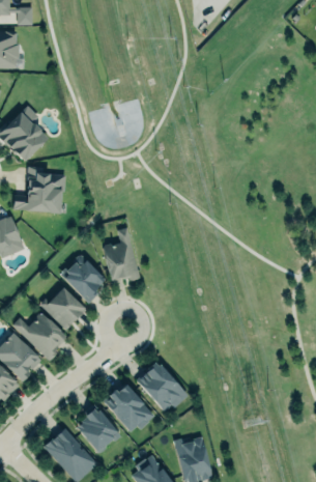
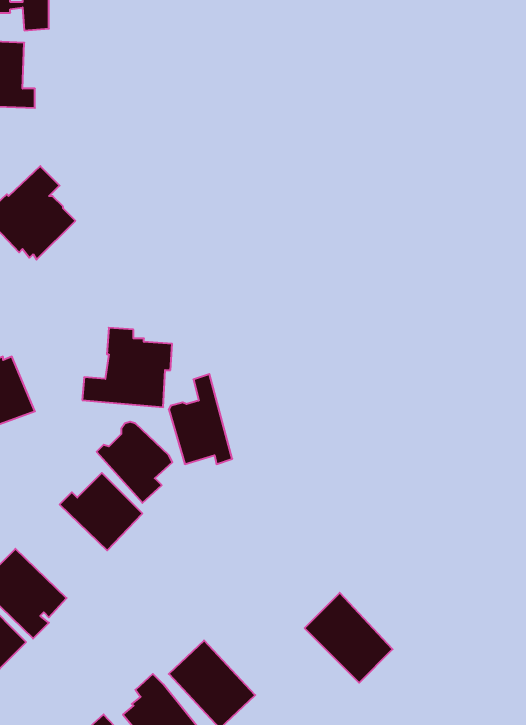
building: [13,166,66,212] -> [82,328,172,407]
building: [12,312,67,360] -> none
building: [136,362,188,415] -> [305,593,393,683]

